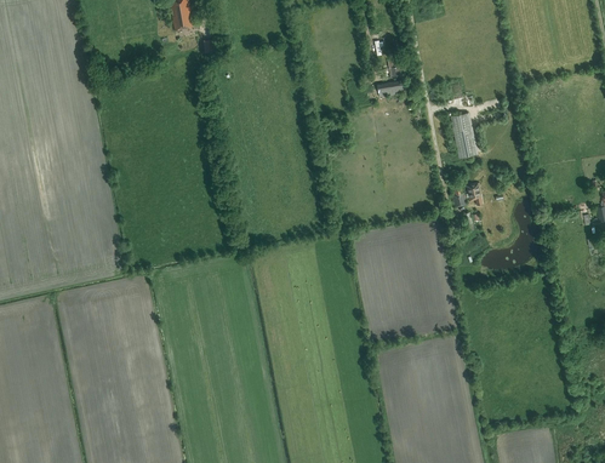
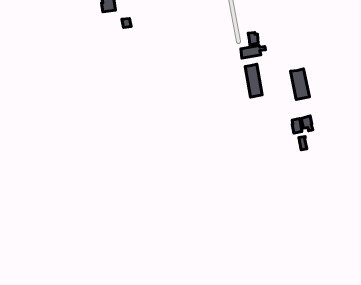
building: none -> [245,64,262,97]

